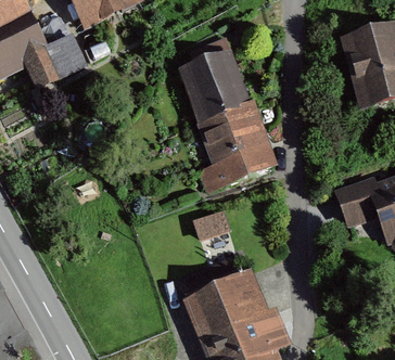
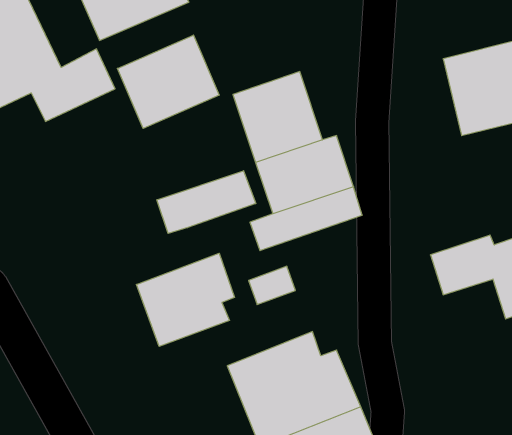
building: none -> [117,35,219,128]
building: none -> [157,171,256,233]
building: none -> [136,253,234,346]

